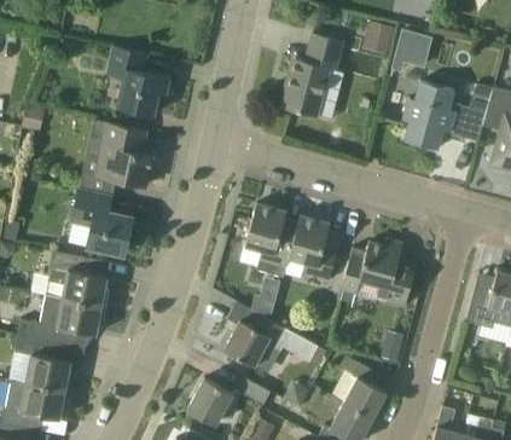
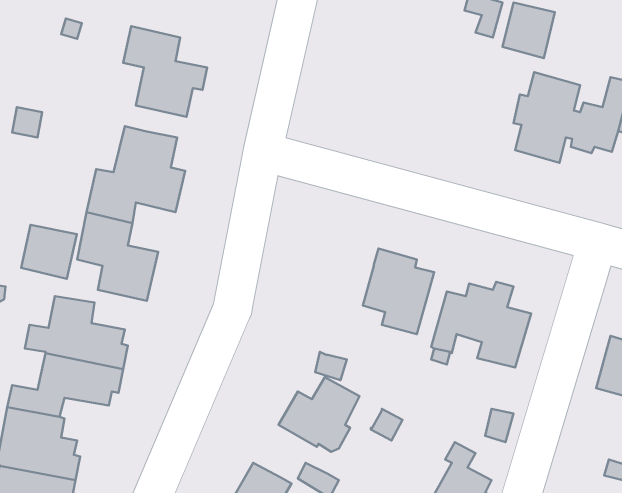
building: [281,31,344,118] -> none
building: none -> [21,225,77,279]
building: [244,202,296,276] -> none

